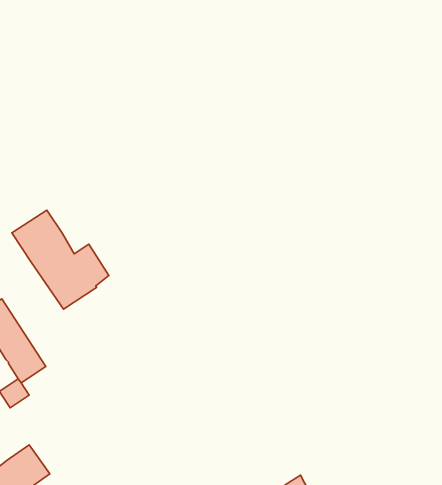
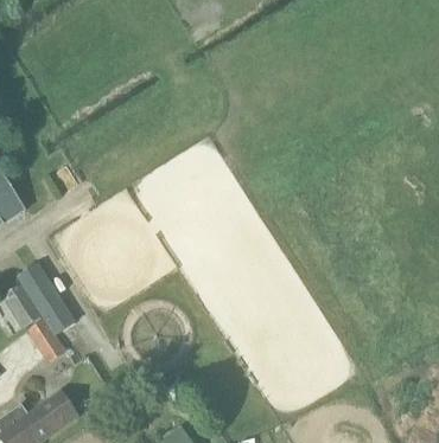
building: [12,210,109,309] -> none

